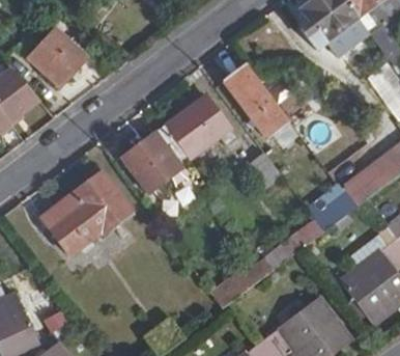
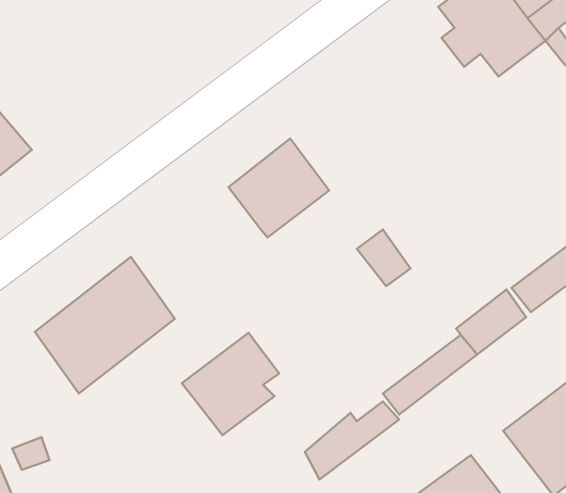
building: [29,30,86,86] -> none
building: [222,63,288,137] -> none
building: [122,125,184,190] -> [182,333,279,435]

